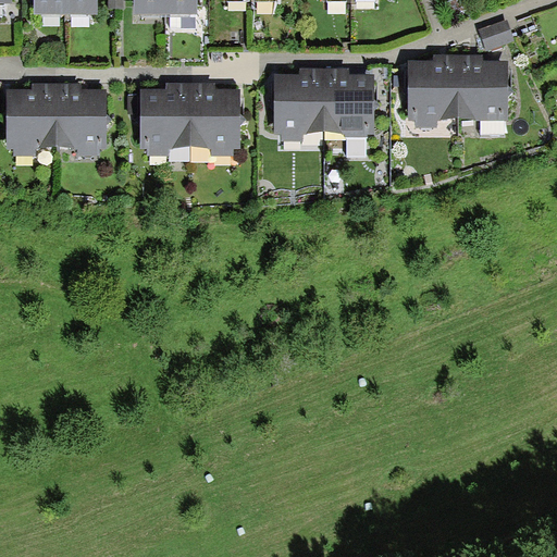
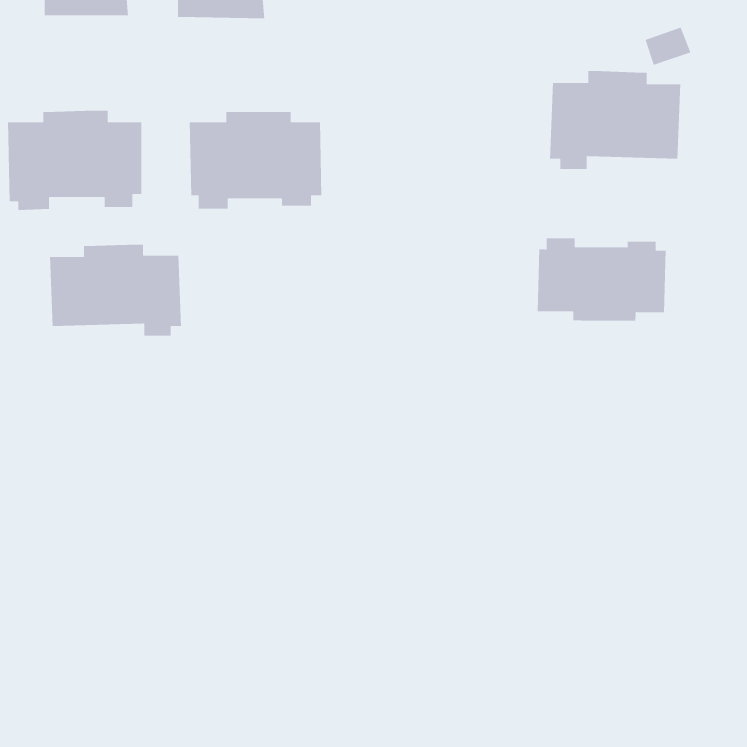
building: [273,67,373,139] -> none
building: none -> [537,238,666,322]
building: none -> [49,244,182,336]

